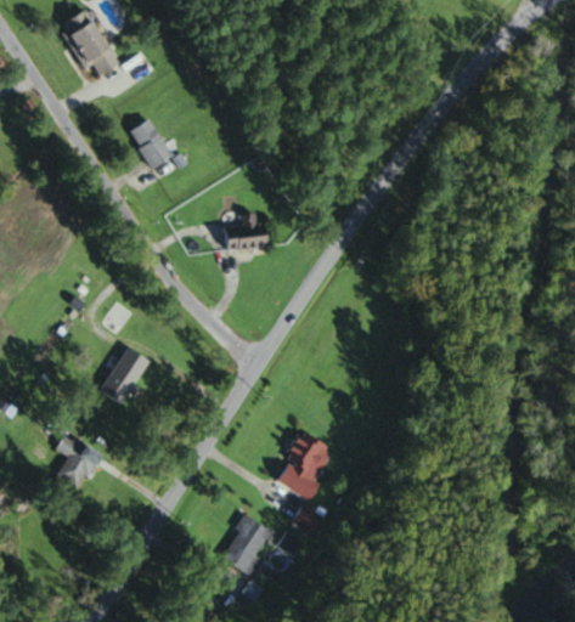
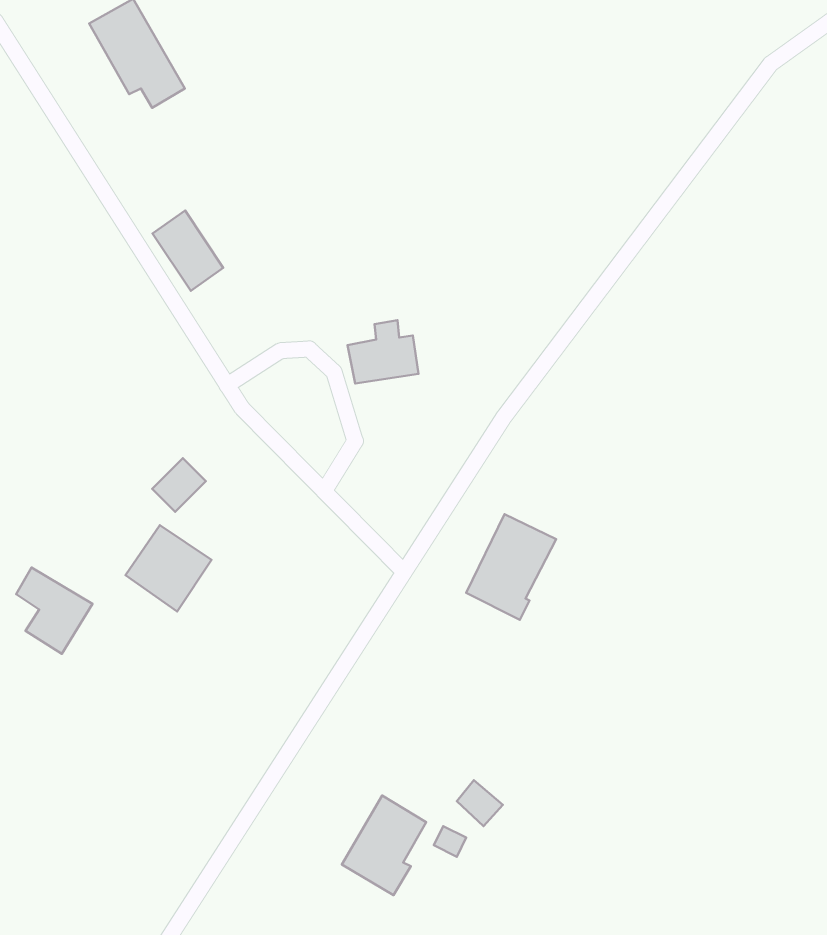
building: [129,120,174,171] -> [152,210,223,291]
building: [55,432,103,487] -> [16,567,93,654]
building: [276,432,333,499] -> [466,514,556,620]

